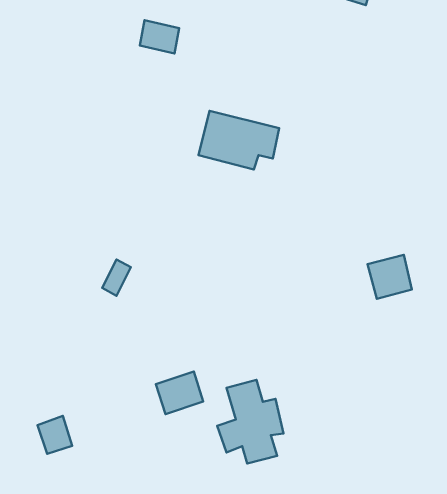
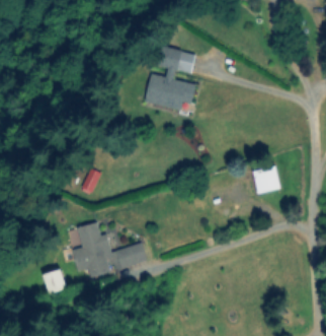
building: [140,20,179,53] -> [156,47,181,68]
building: [217,380,283,464] -> [72,222,114,276]

